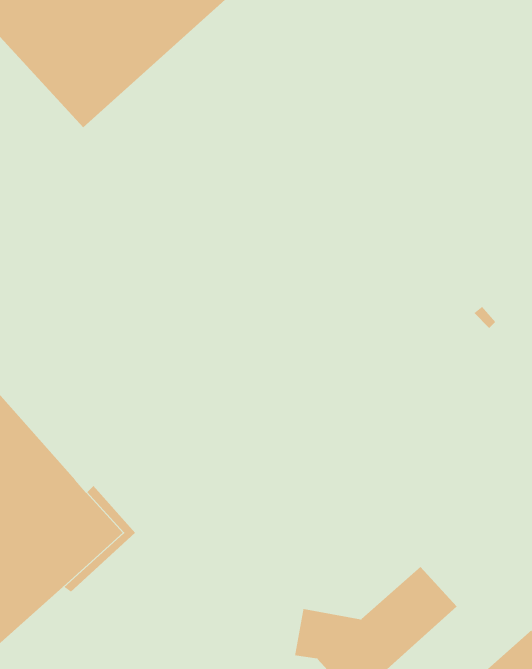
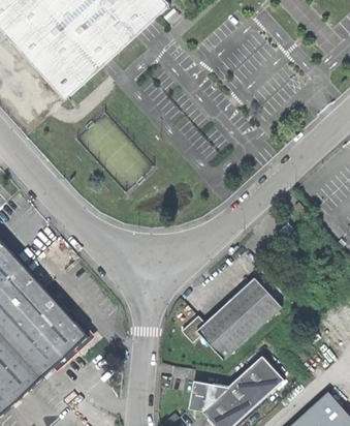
building: none -> [181,278,281,360]

